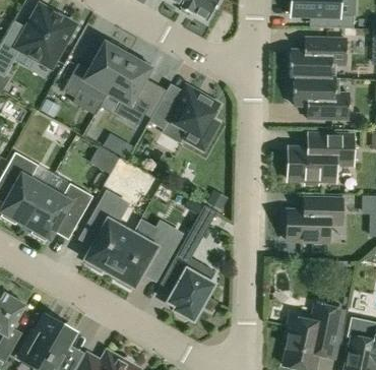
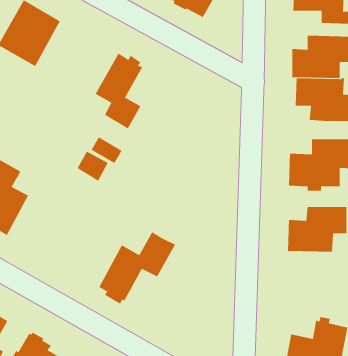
building: [63,40,129,101] -> none
building: [149,90,218,147] -> none
building: [25,182,93,240] -> none
building: [86,190,132,272] -> none
building: [169,204,217,319] -> none

